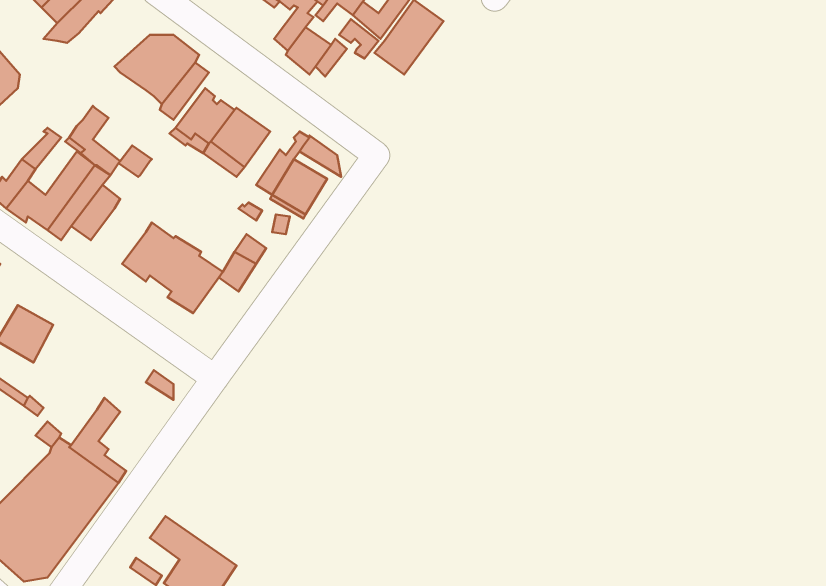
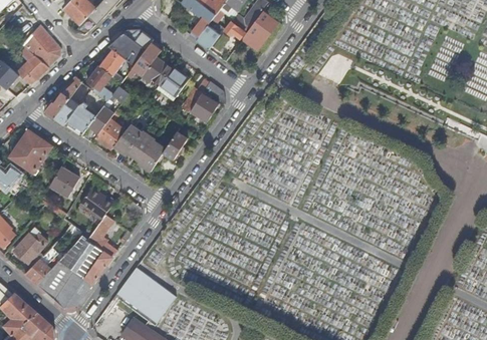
building: none -> [99,48,134,82]
building: none -> [94,110,126,148]
building: none -> [79,188,113,220]

